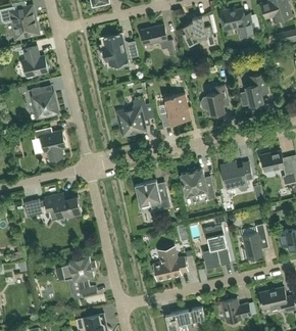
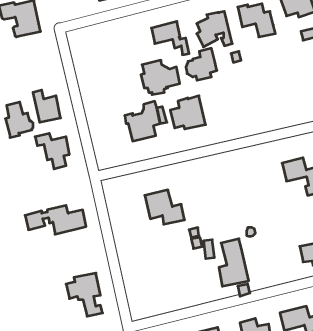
building: [102,35,138,66] -> [141,60,180,95]
building: [22,46,48,79] -> [5,102,33,138]
building: [240,74,267,105] -> none
building: [200,85,229,114] -> [186,48,217,80]
building: [219,161,252,191] -> none
building: [180,168,215,199] -> none
building: [241,224,265,261] -> none
building: [150,246,187,280] -> none

